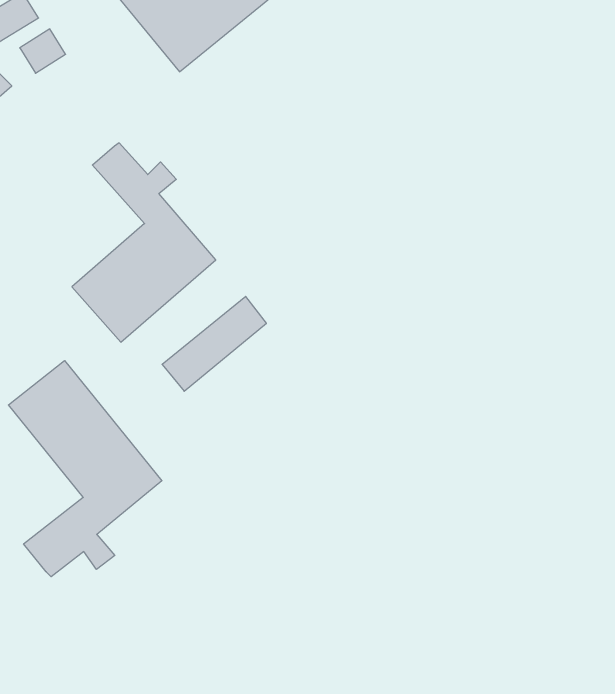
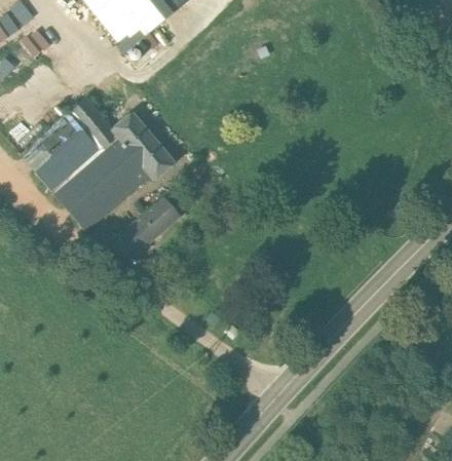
building: none -> [21,113,103,192]
building: none -> [112,113,177,181]
building: [8,361,162,577] -> none

